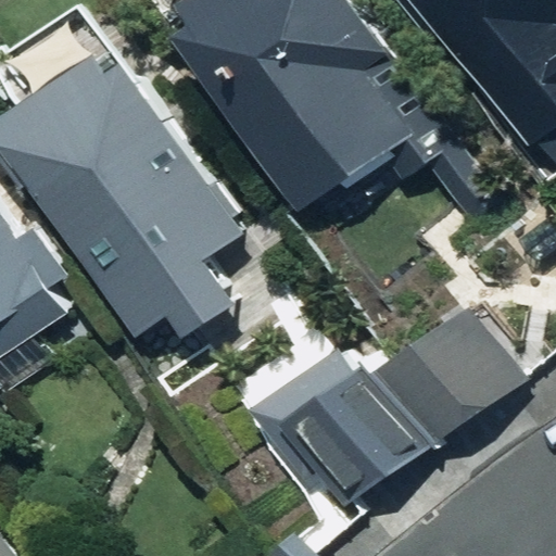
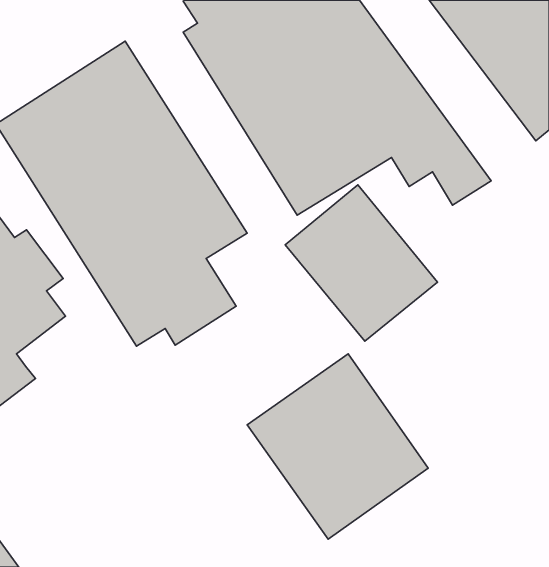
building: none -> [285,185,437,341]
building: [397,303,526,433] -> none

